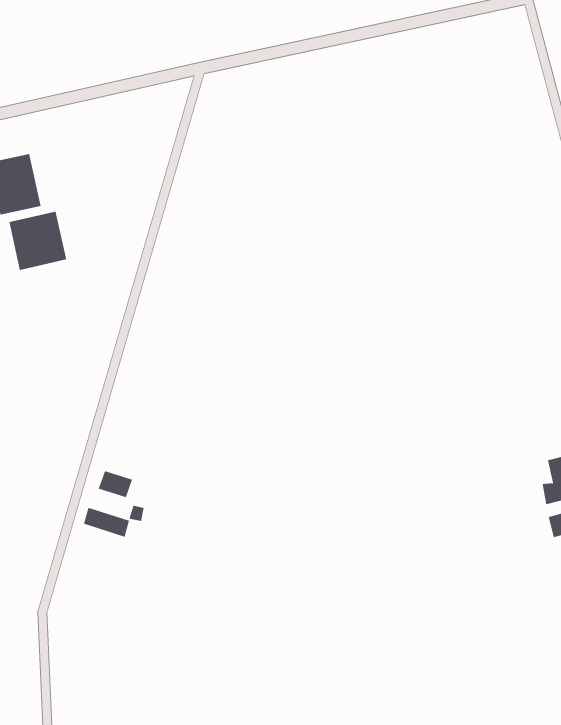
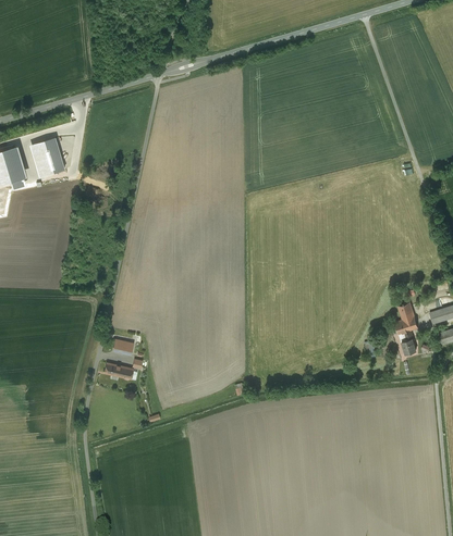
building: [9,211,67,271] -> none

